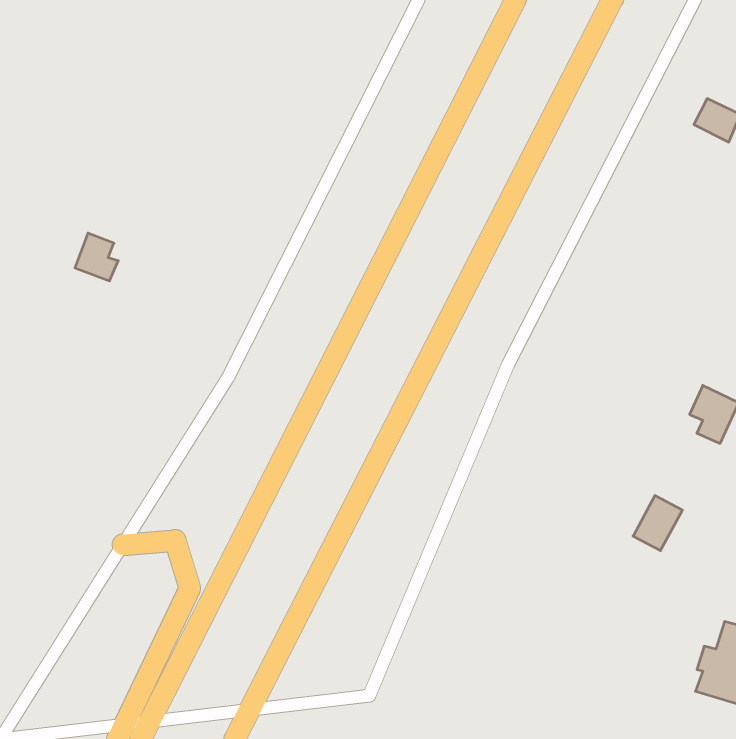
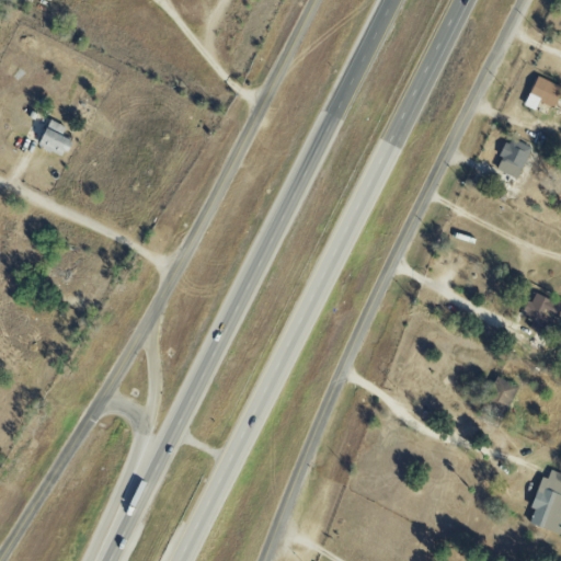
building: none -> [496,136,533,178]
building: [75,233,118,281] -> [38,118,71,154]

